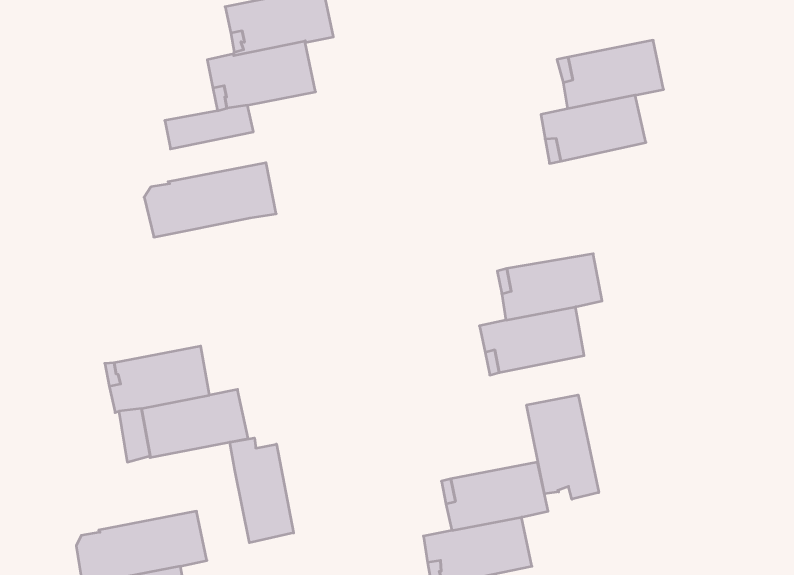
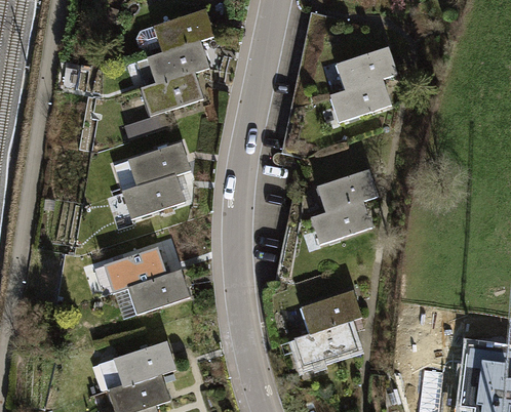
building: none -> [123,174,185,218]
building: [527,395,599,499] -> none
building: [230,438,294,543] -> none

